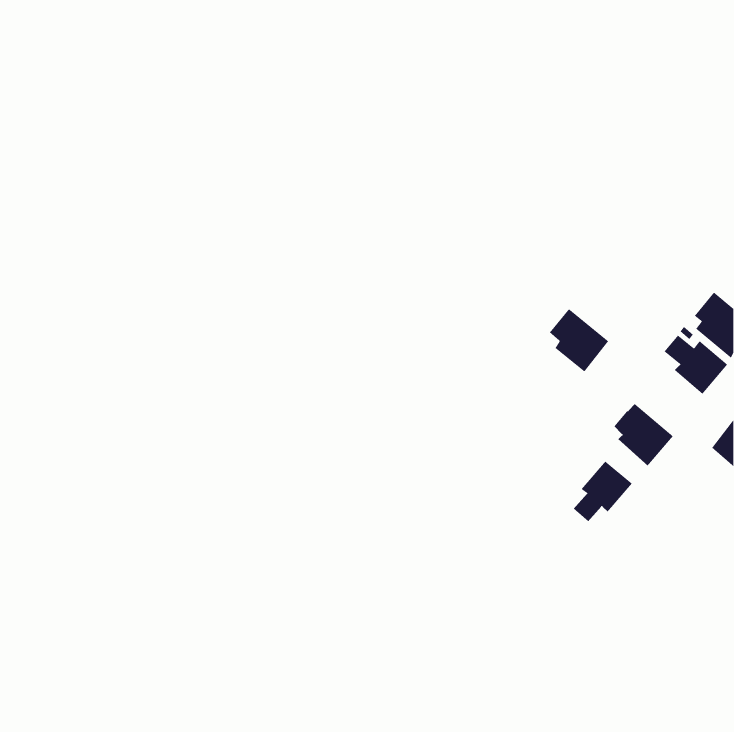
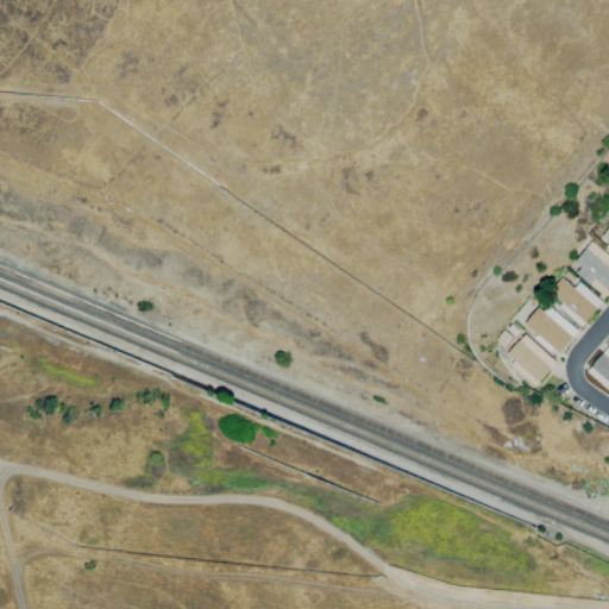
building: [549,308,609,373] -> [527,302,577,356]
building: [573,460,633,522] -> none

